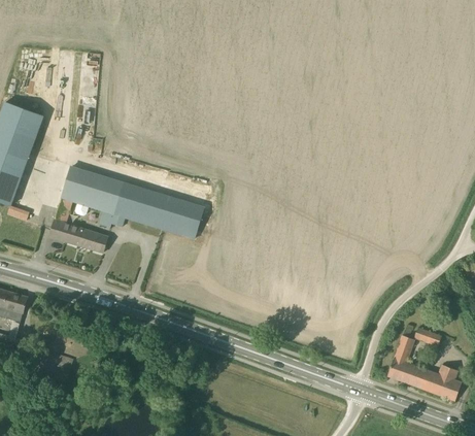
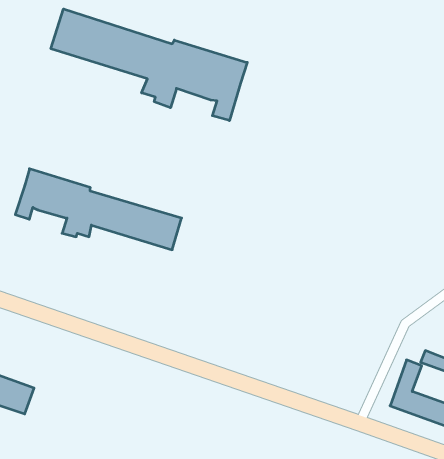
building: none -> [51,9,247,121]
building: [49,220,108,253] -> none

